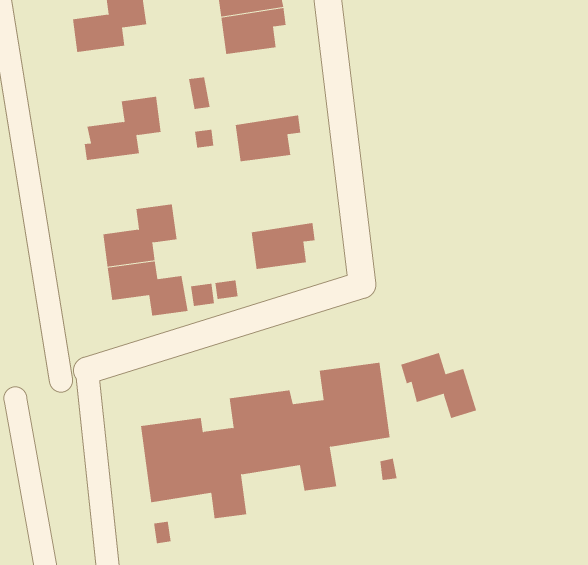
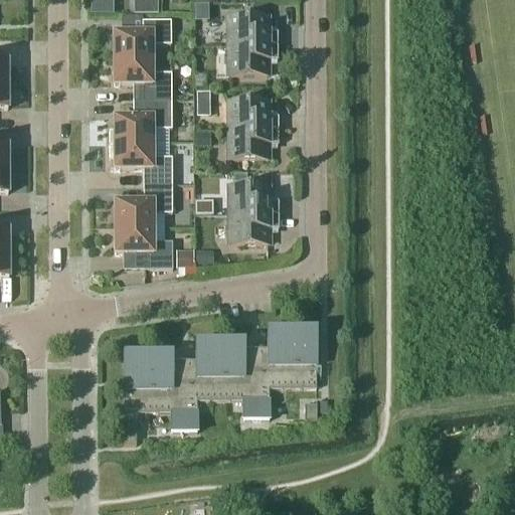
building: none -> [114,54,171,97]
building: none -> [228,97,279,127]
building: none -> [110,139,172,181]
building: none -> [228,181,279,211]
building: [400,352,477,419] -> none

